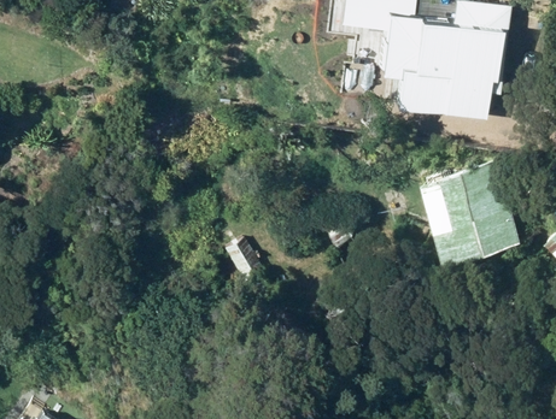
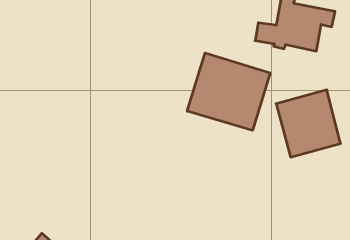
building: none -> [187,53,270,130]

